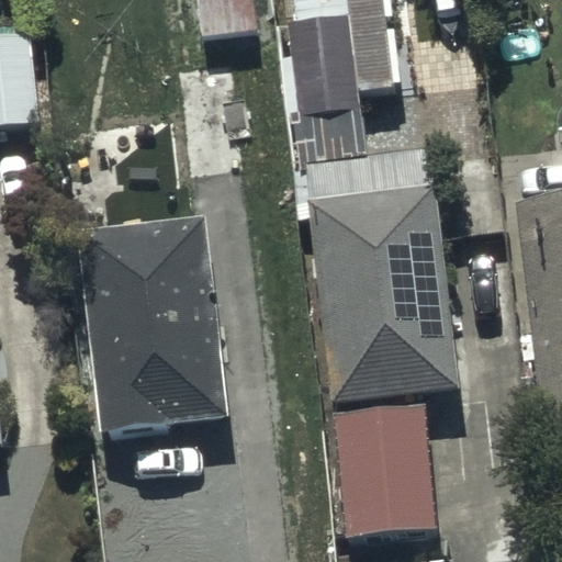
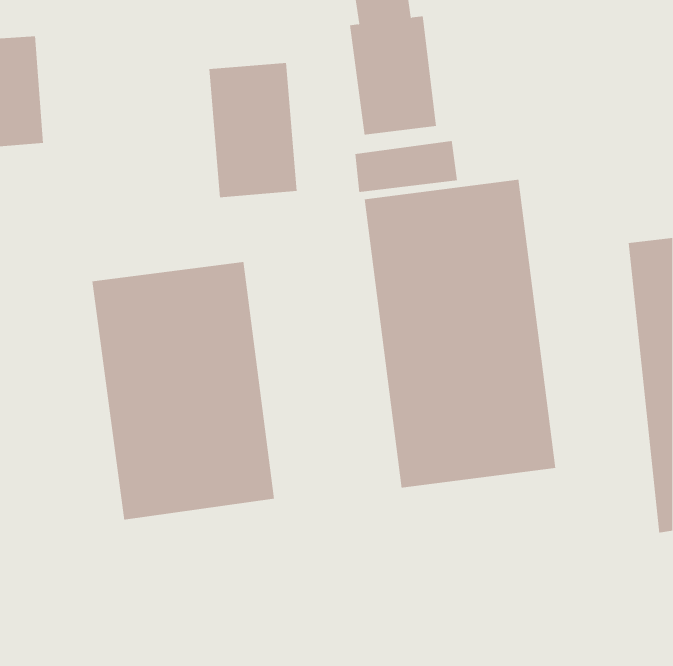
building: [334,403,438,537] -> none

